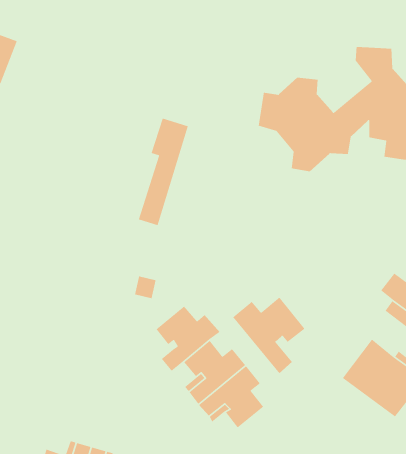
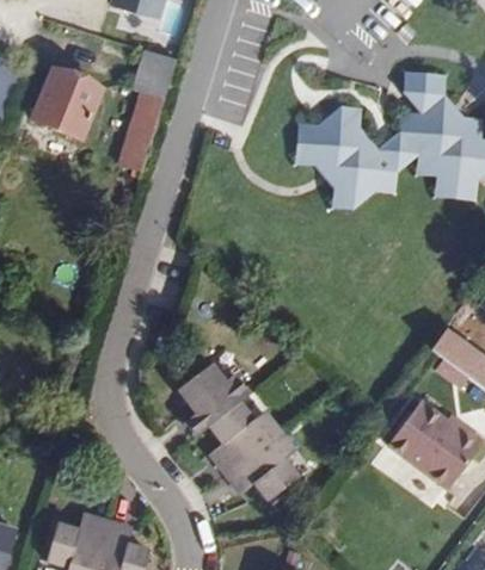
building: none -> [30,68,103,140]
building: [138,117,189,226] -> [118,49,176,171]
building: [232,296,305,374] -> none

